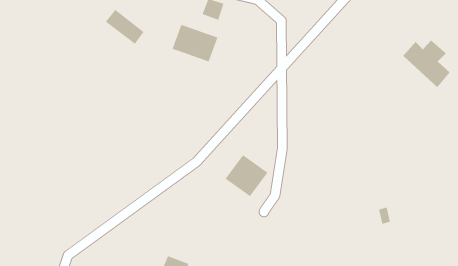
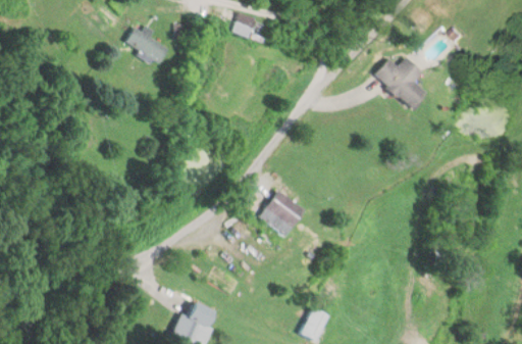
building: [171,24,218,63] -> none
building: [403,39,450,88] -> [374,57,427,111]

